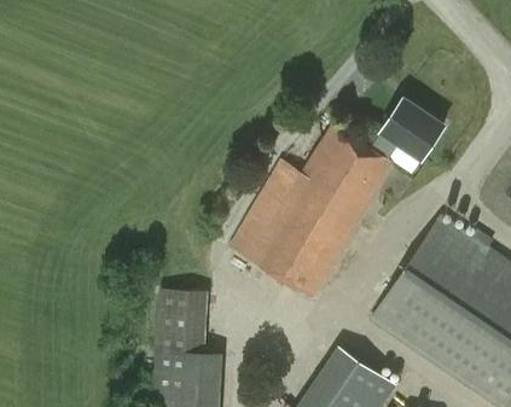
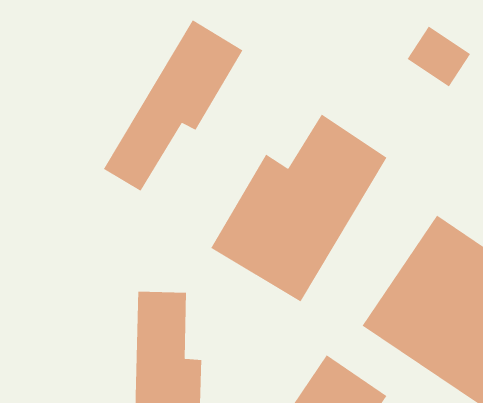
building: none -> [103,19,243,192]
building: [383,100,443,158] -> [407,25,471,88]

